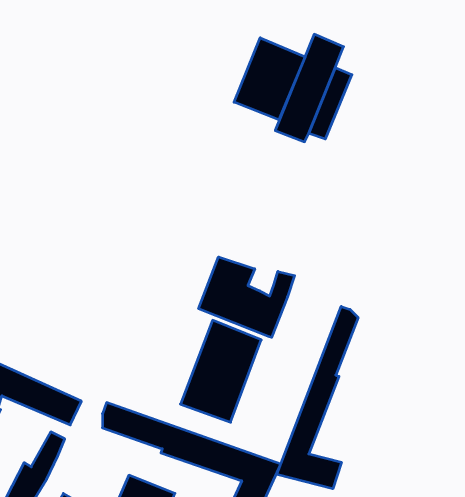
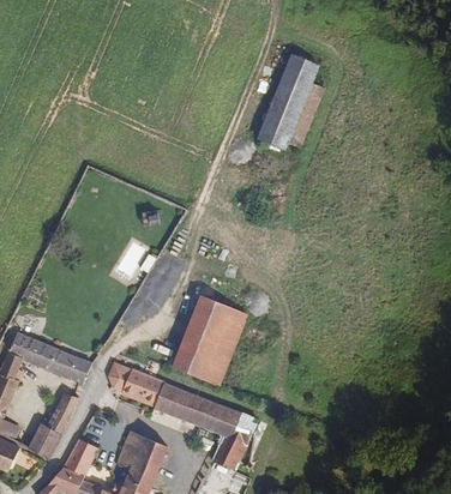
building: [234,38,305,120] -> none
building: [199,257,295,337] -> none
building: [277,306,358,489] -> none

